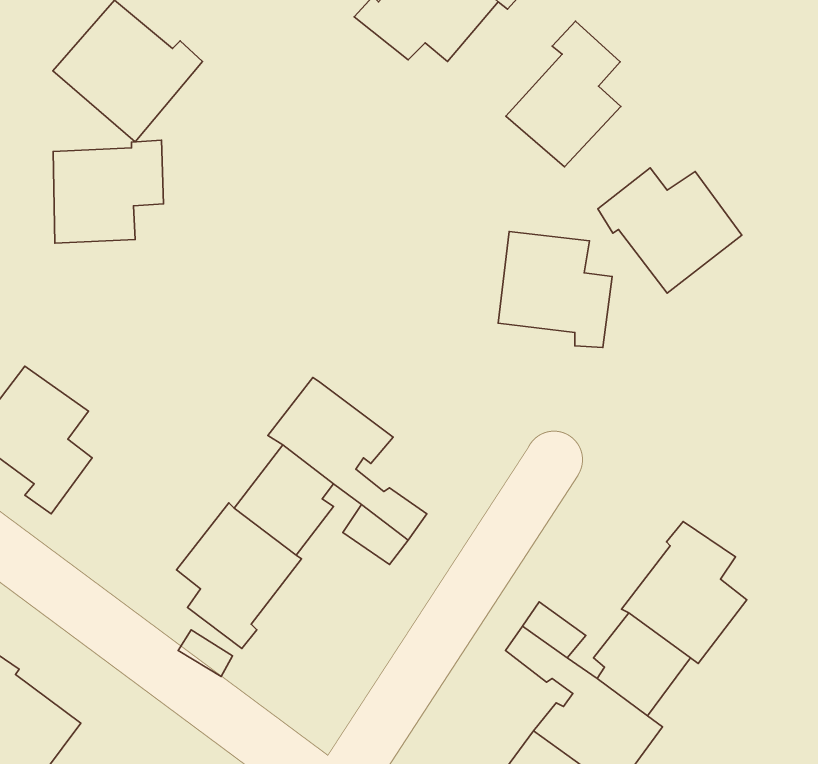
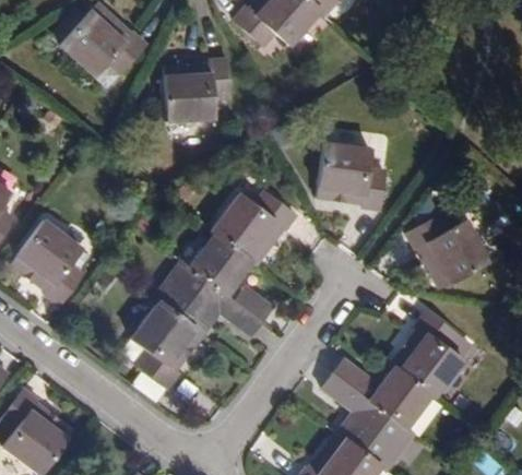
building: [506,21,621,167] -> none
building: [53,140,163,243] -> [166,61,230,121]
building: [598,168,742,293] -> [401,211,485,284]
building: none -> [214,191,298,262]

